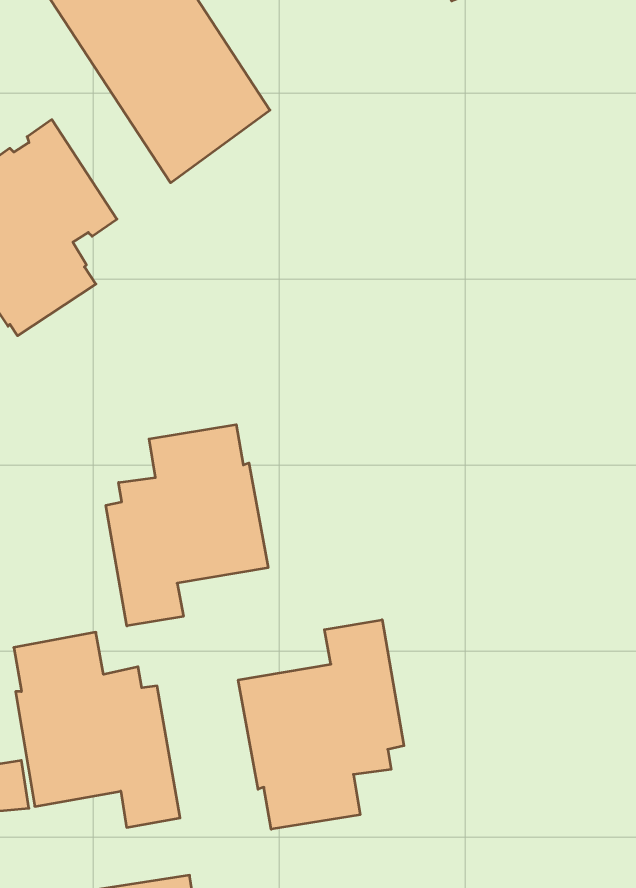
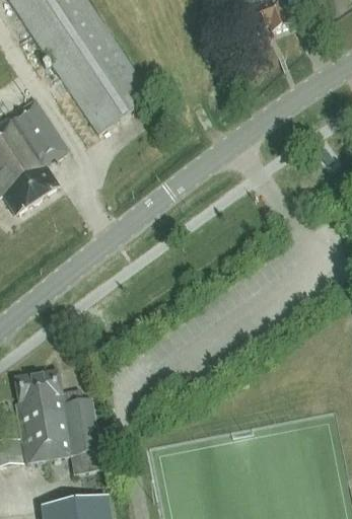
building: [106,425,268,626] -> none
building: [238,620,404,829] -> none

